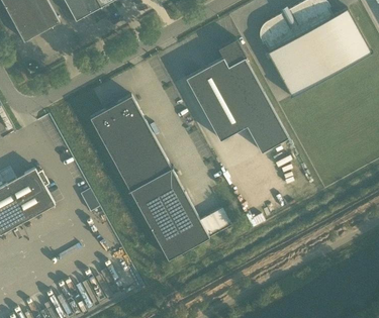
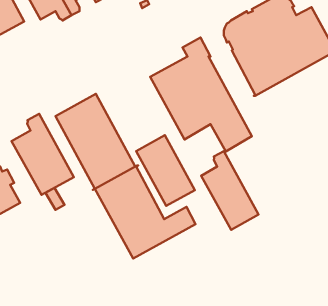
building: none -> [12,114,74,195]
building: none -> [136,135,195,206]
building: none -> [201,151,259,230]

